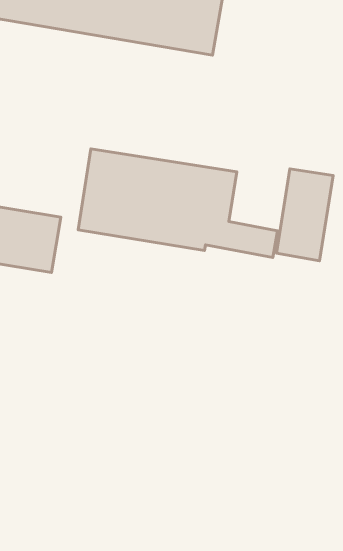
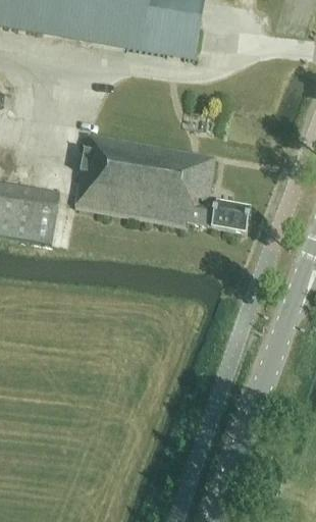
building: [277,169,333,261] -> none

